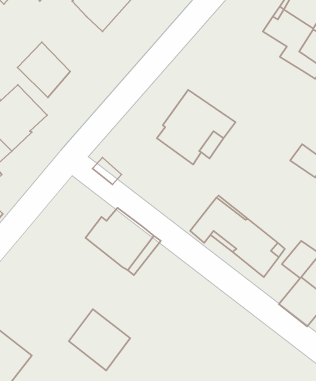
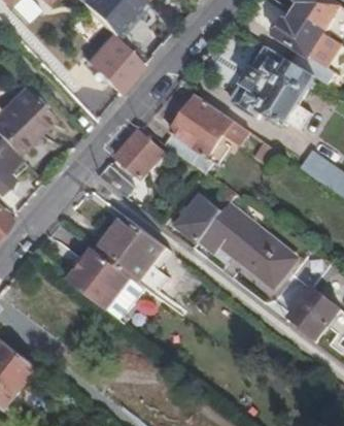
building: [18,42,70,98] -> [88,36,141,93]
building: none -> [244,45,316,124]
building: none -> [116,128,166,178]
building: none -> [177,193,222,240]
building: [69,309,130,371] -> [68,245,131,308]

